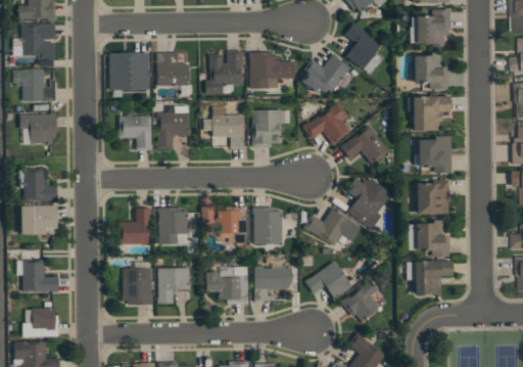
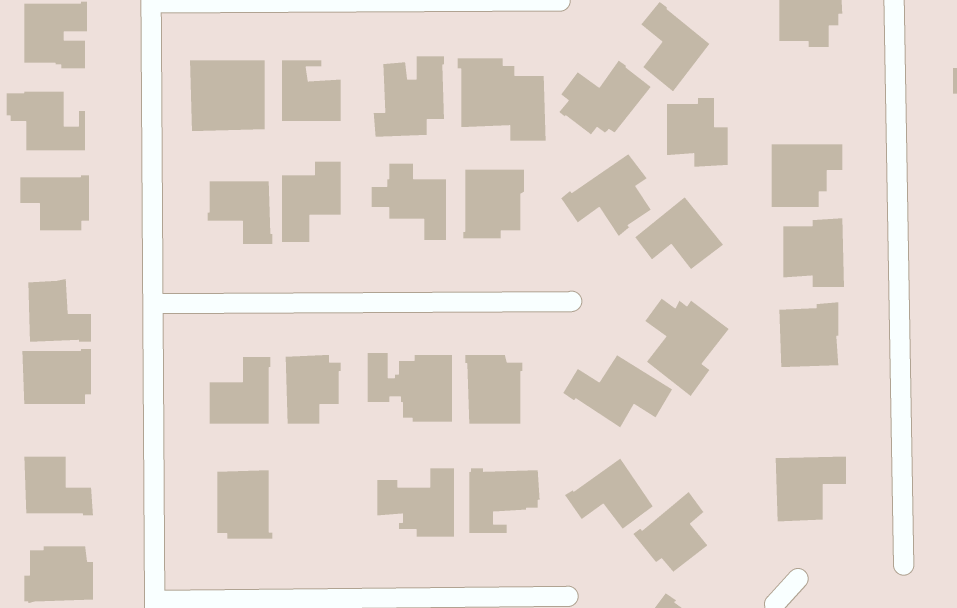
building: [415,53,447,90] -> [666,97,728,167]
building: [417,220,449,258] -> none
building: [157,268,190,304] -> none

